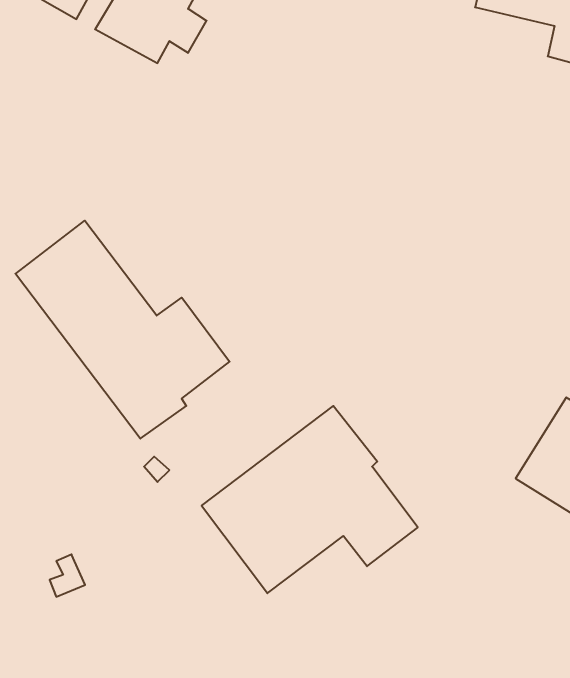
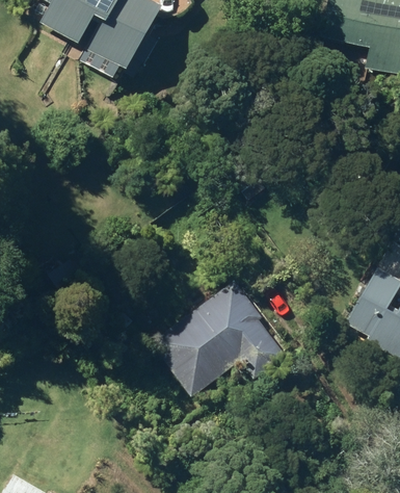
building: [15,221,230,439] -> none

